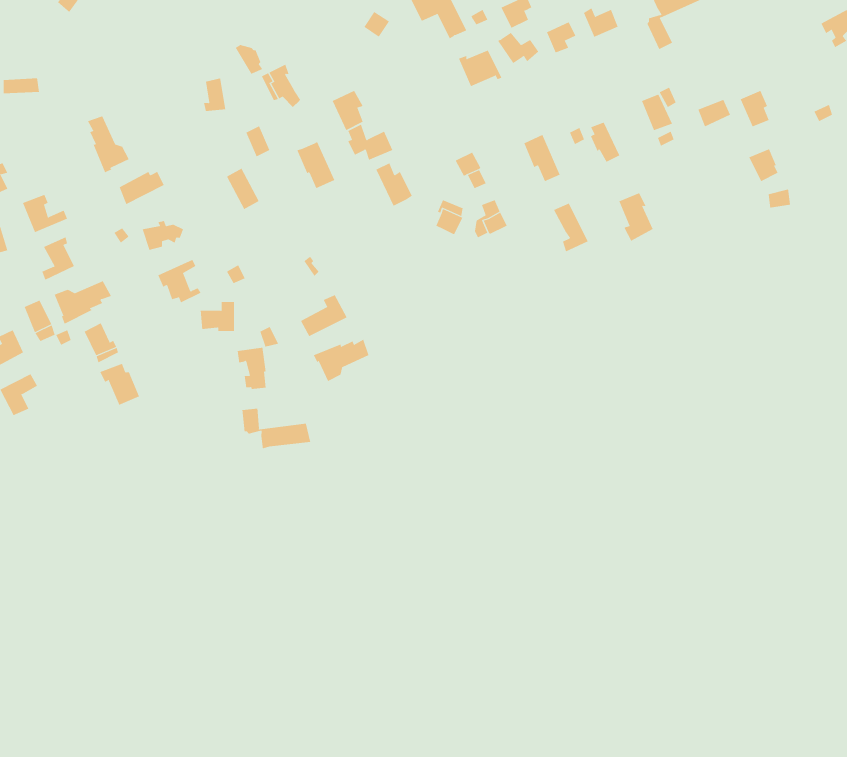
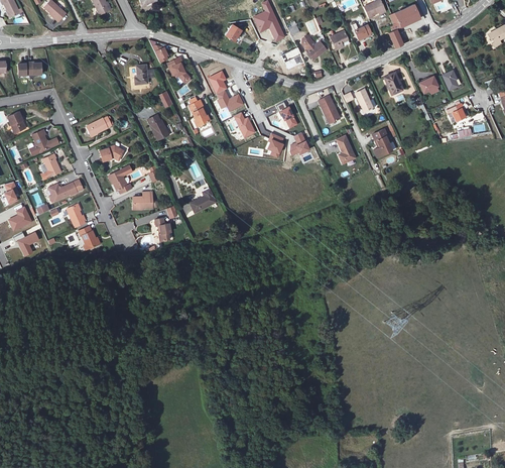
building: [87,116,130,173] -> none
building: [313,339,369,382] -> none
building: [242,408,311,449] -> none

